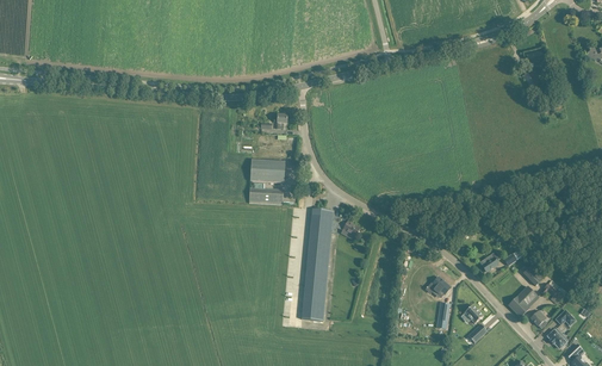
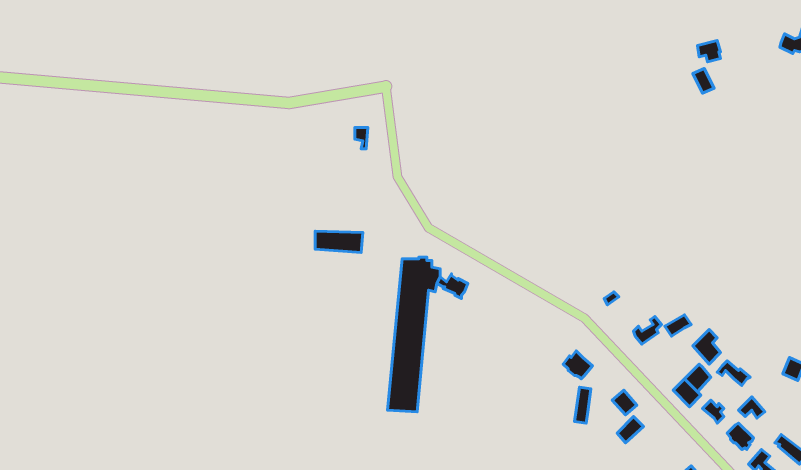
building: [249,159,284,181] -> none

